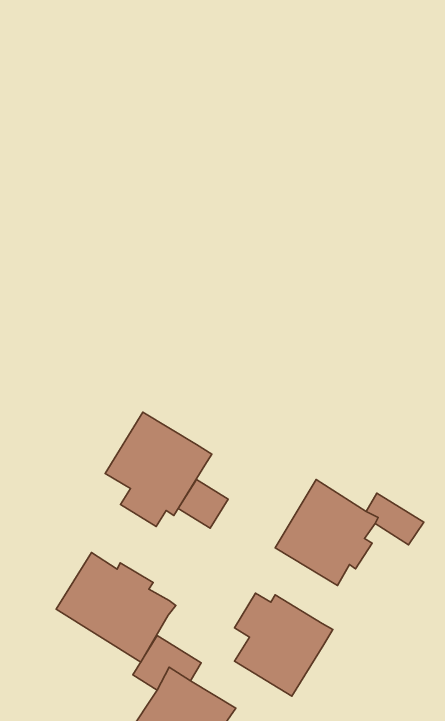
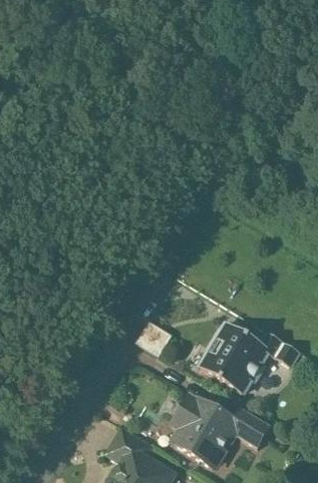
building: [105,412,212,527] -> none
building: [56,552,176,662] -> none
building: none -> [232,406,270,447]

